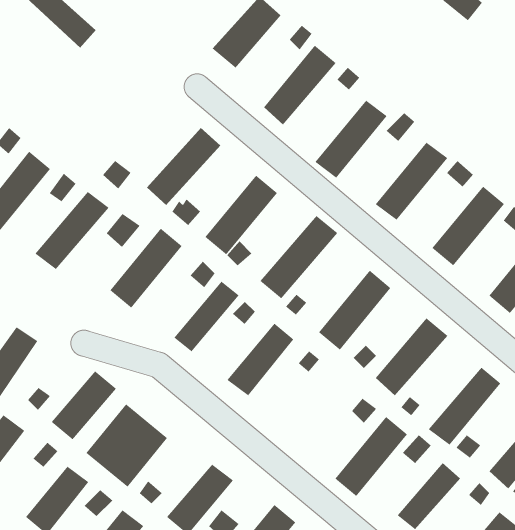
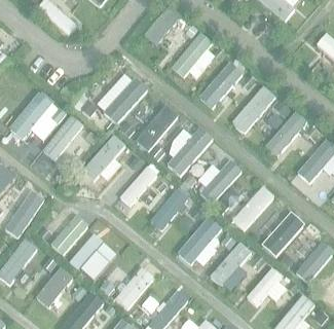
building: none -> [179,217,222,263]

